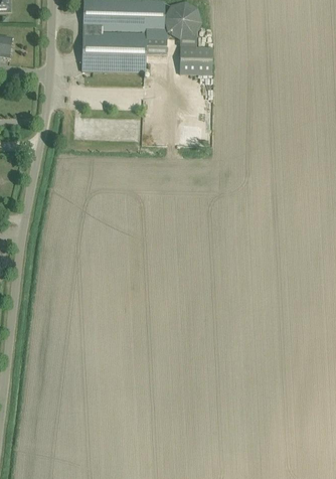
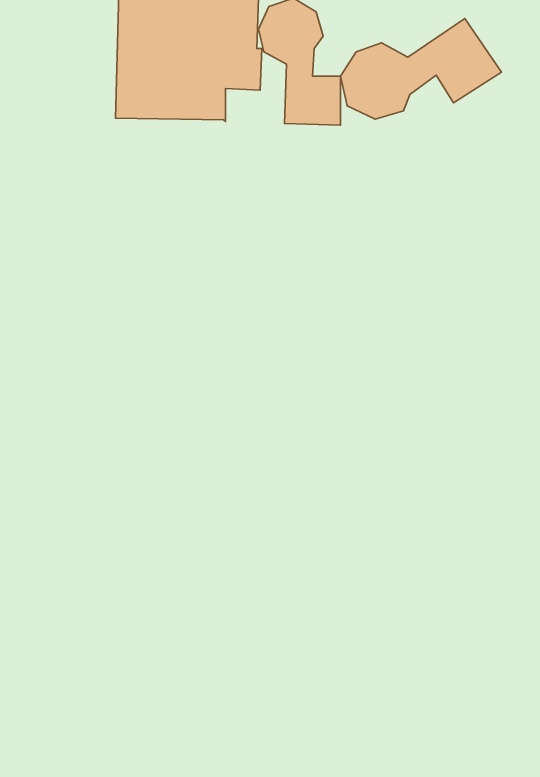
building: none -> [340,18,501,119]

